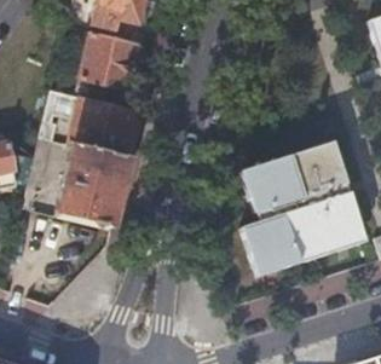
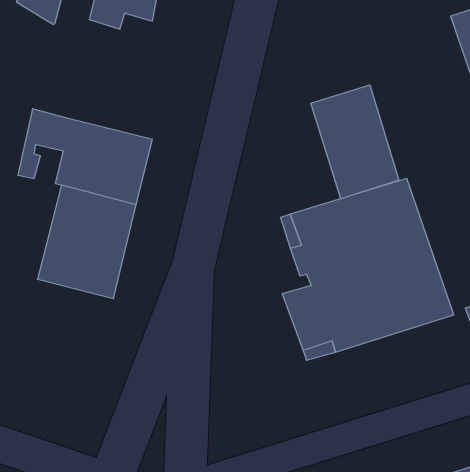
building: [79,30,140,103] -> none
building: none -> [311,85,399,199]

